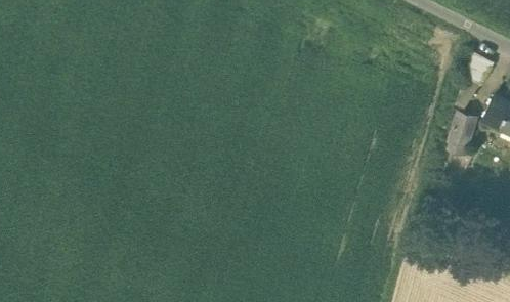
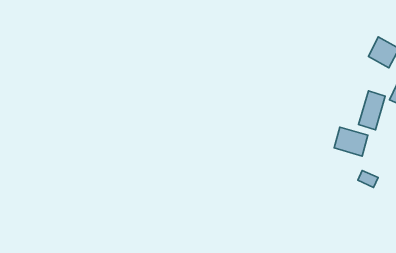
building: none -> [334,127,368,156]

